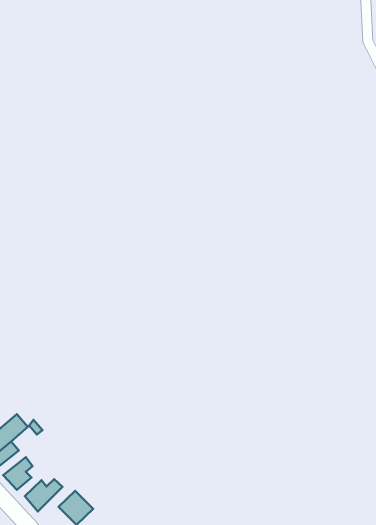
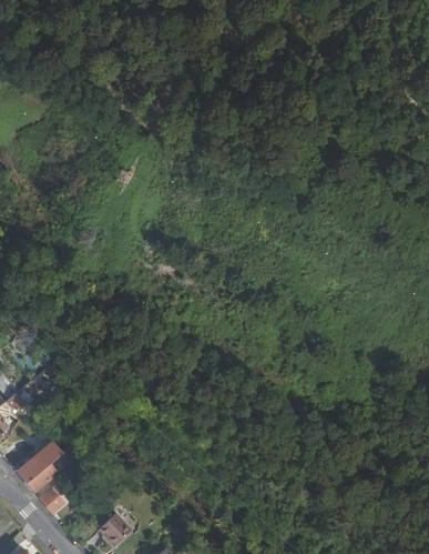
building: [25,479,62,512] -> none

